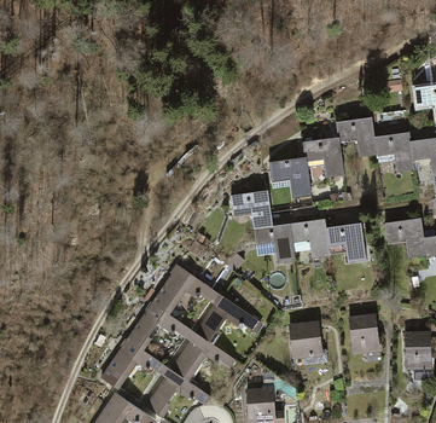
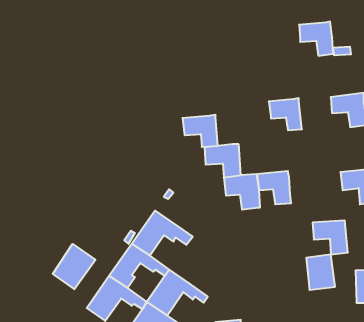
building: [337,118,376,157] -> [299,22,333,56]
building: [269,158,309,195] -> [182,115,218,147]
building: [327,225,367,263] -> [313,220,348,255]
building: [192,294,260,347] -> none
building: none -> [53,244,95,289]
building: [287,320,322,359] -> none

